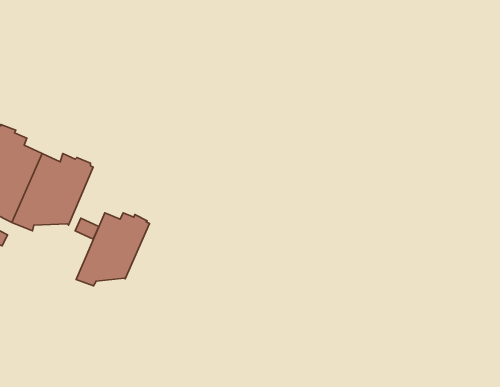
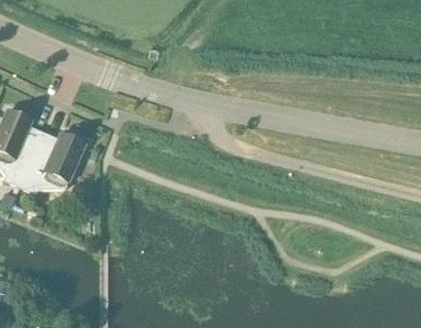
building: [76,213,149,286] -> none

